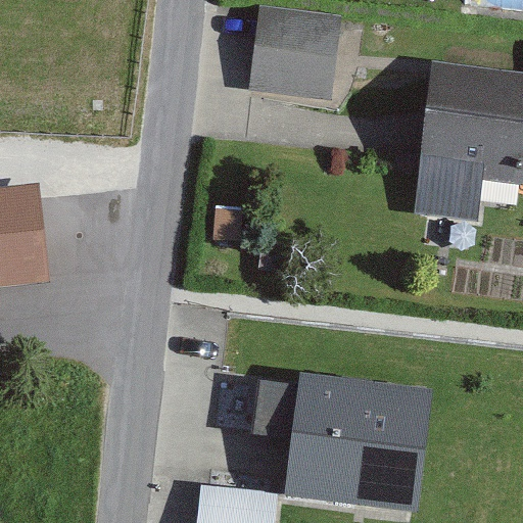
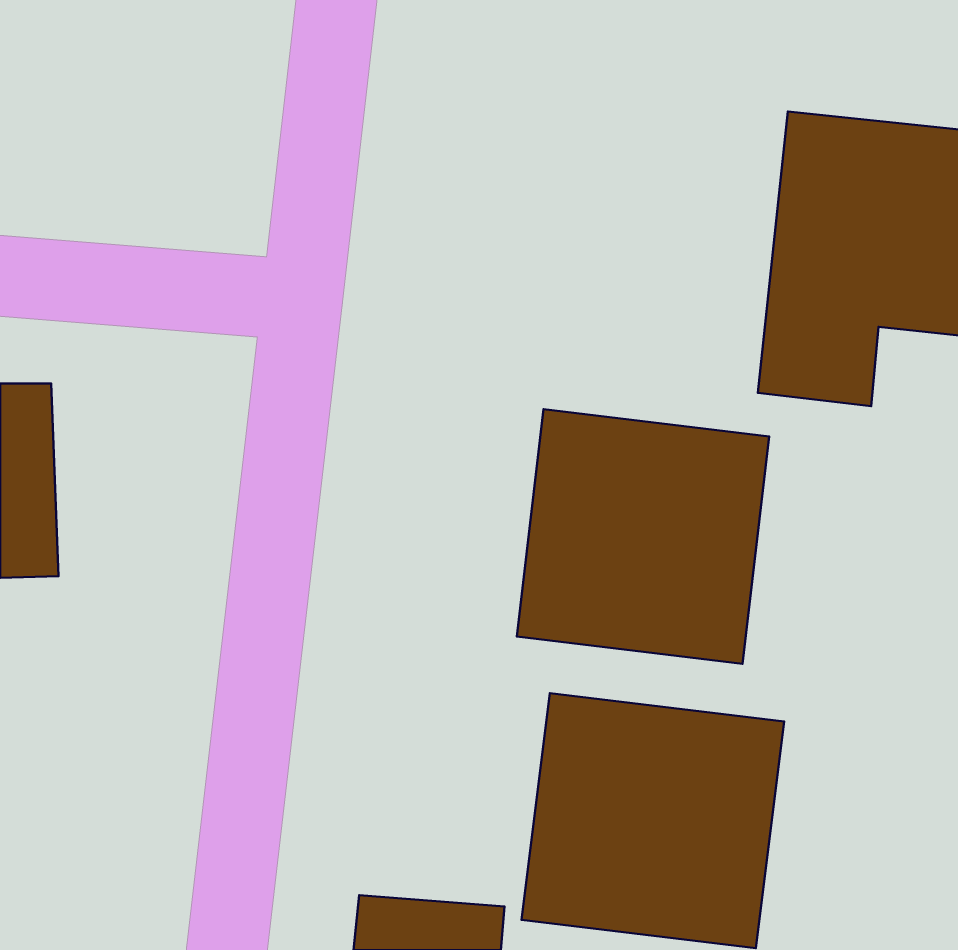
building: [253,8,338,96] -> none
building: none -> [517,409,769,664]

